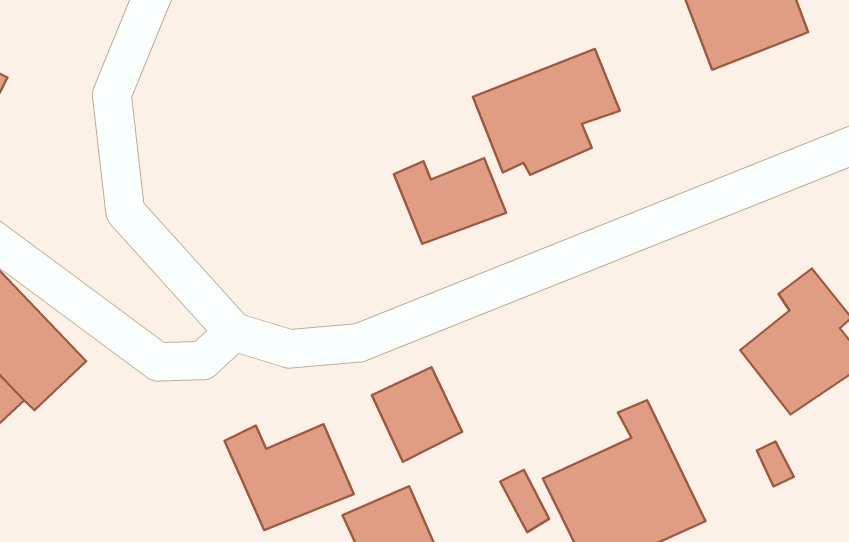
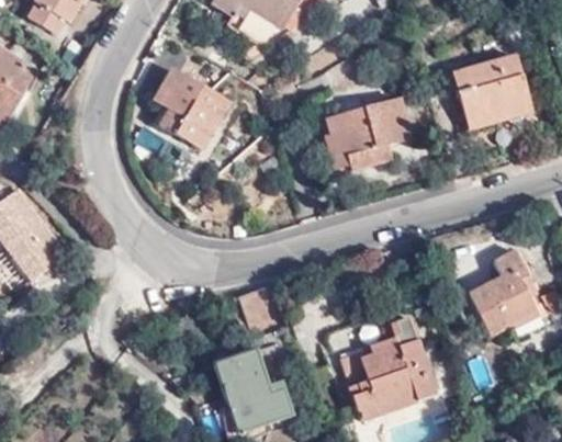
building: none -> [154,61,233,143]
building: [394,158,506,244] -> none
building: [225,424,354,530] -> none

